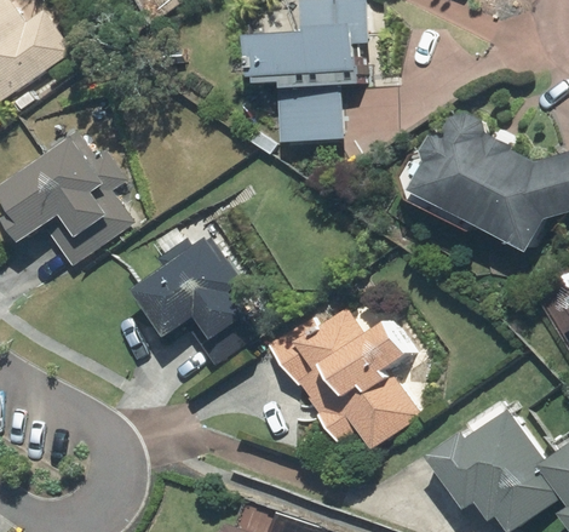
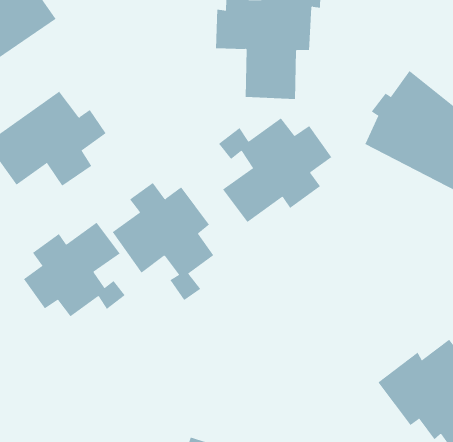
building: none -> [218,117,332,223]
building: none -> [23,222,126,317]
building: [269,310,416,452] -> none

